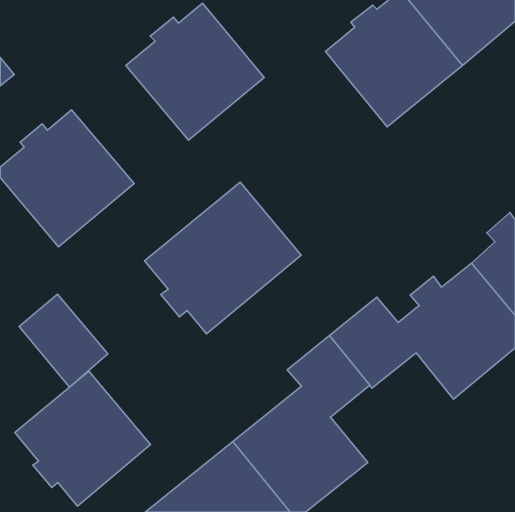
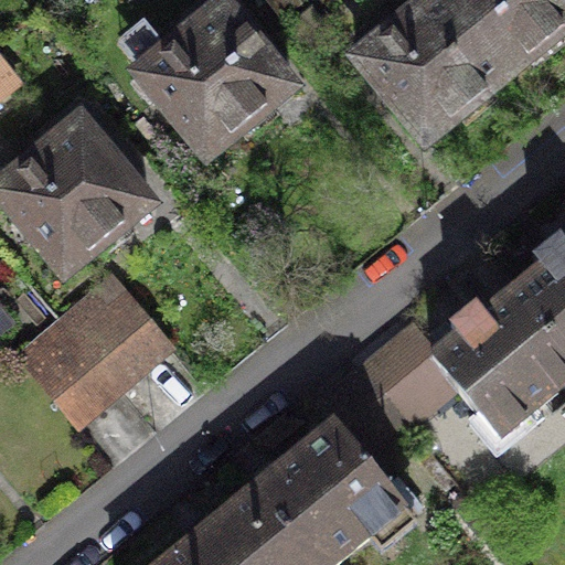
building: [145,182,301,334] -> none
building: none -> [63,295,169,387]
building: [15,371,151,506] -> none

